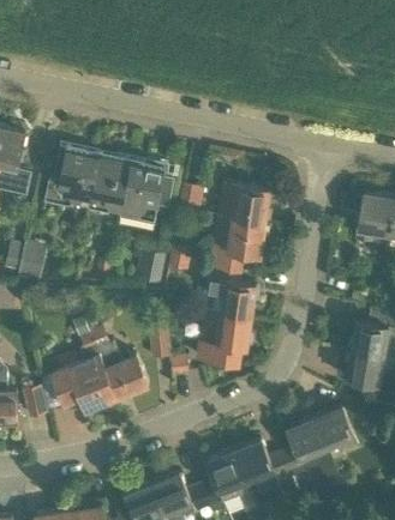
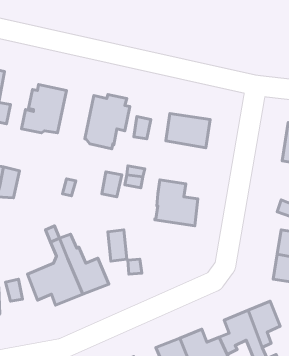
building: [88,156,131,213] -> none
building: [210,216,265,267] -> none
building: [198,310,252,364] -> none

